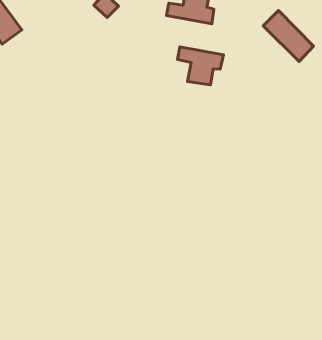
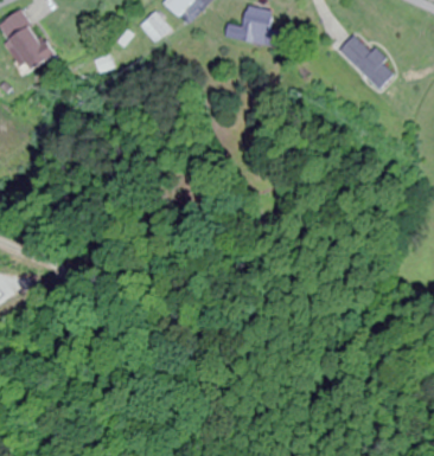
building: [177,47,223,85] -> none

